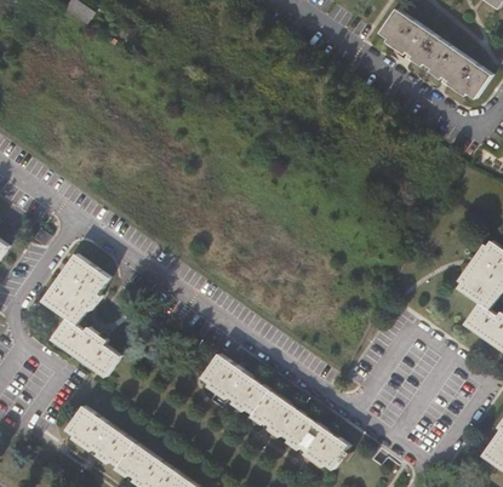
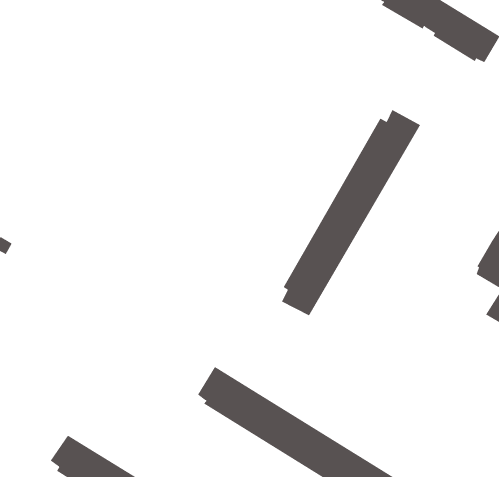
building: none -> [281,109,421,316]
building: [41,253,121,377] -> none

